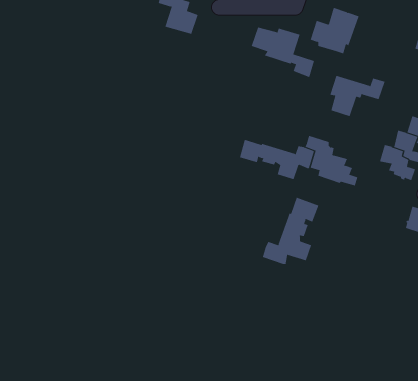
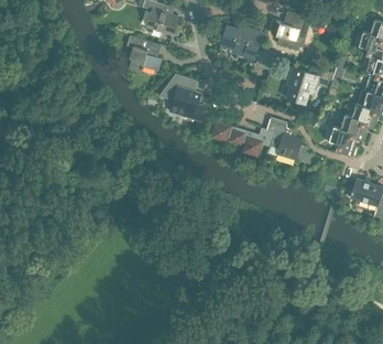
building: none -> [125,34,161,71]
building: none -> [161,73,204,120]
building: [262,197,319,265] -> none

